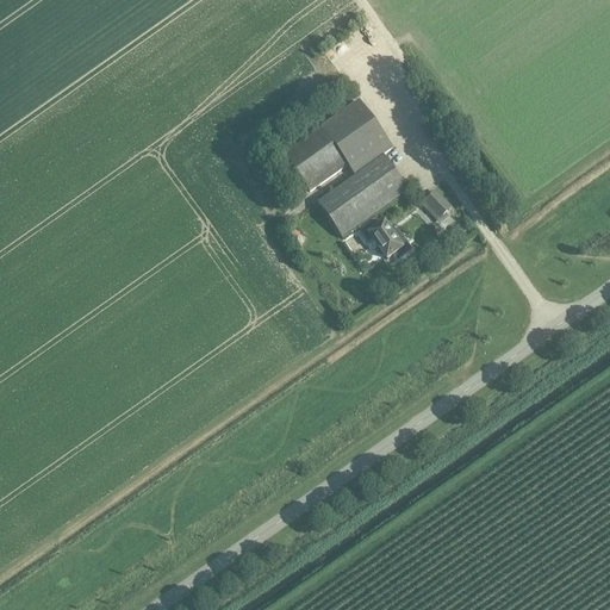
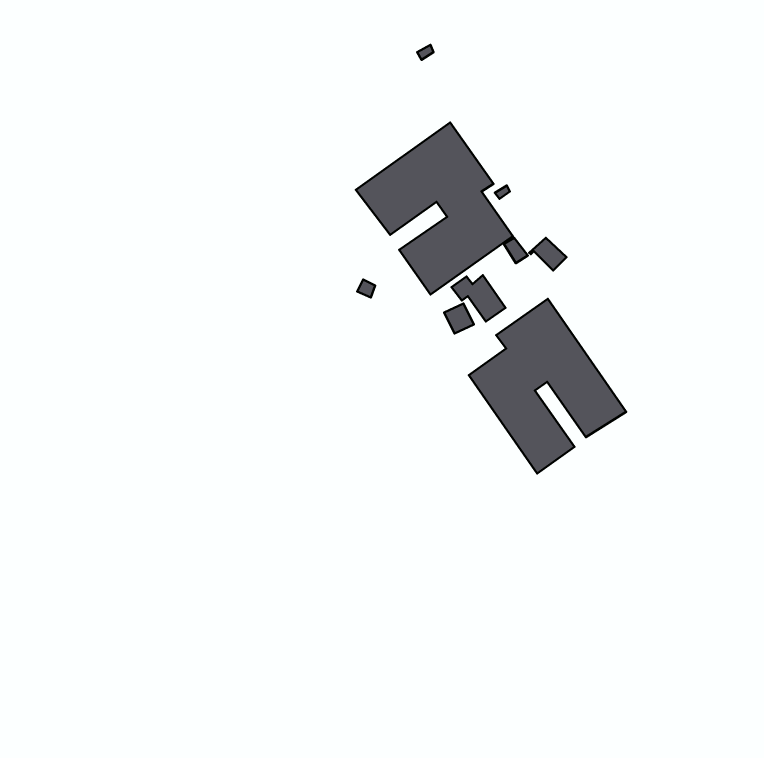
building: none -> [469,299,626,473]

